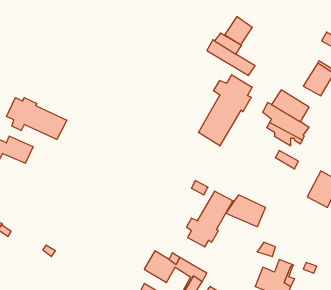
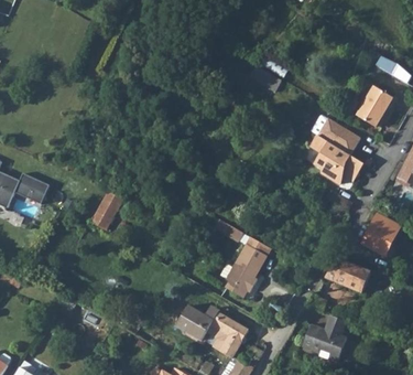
building: [225,16,252,45] -> none
building: [199,75,252,146] -> none
building: [6,98,67,139] -> none
building: none -> [87,192,119,231]
building: [226,195,265,227] -> [324,256,369,292]

